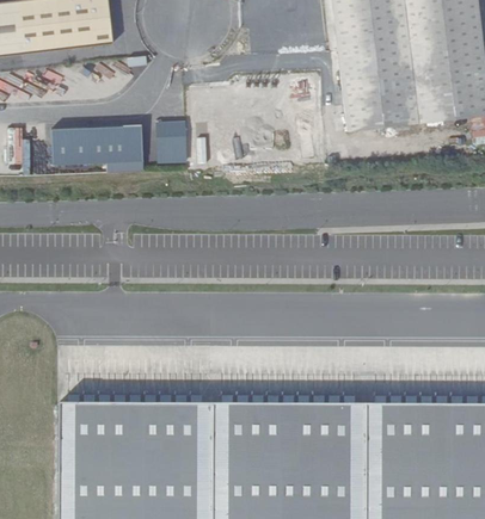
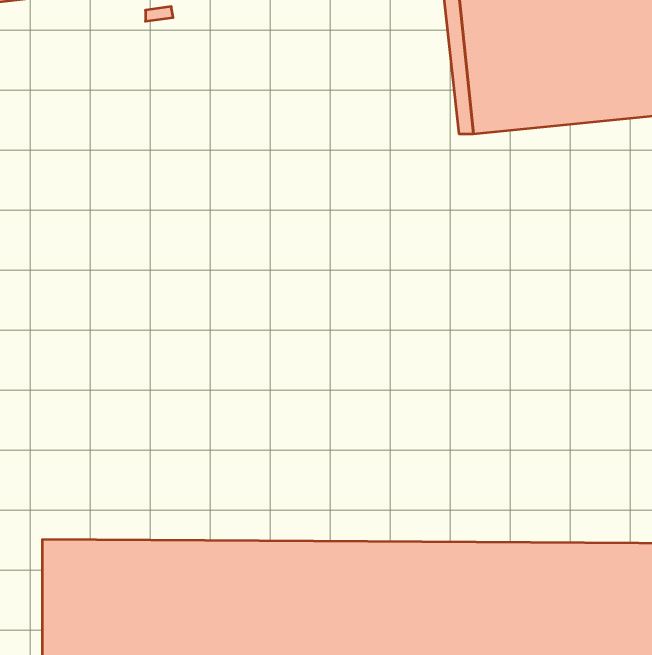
building: [55,124,148,171] -> none
building: [155,132,185,152] -> none

